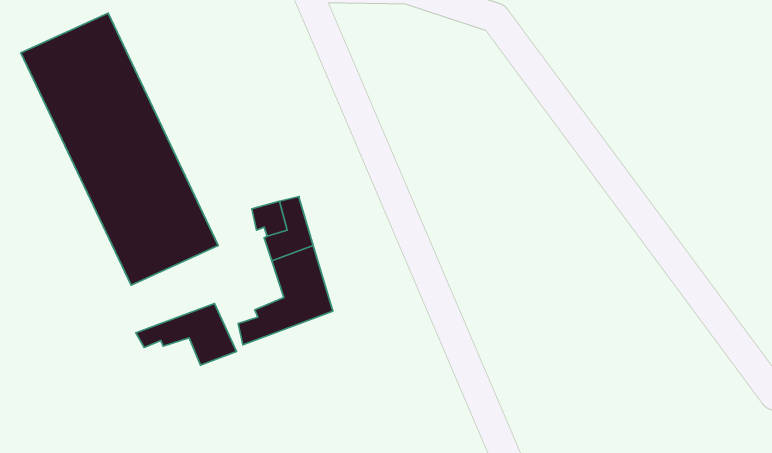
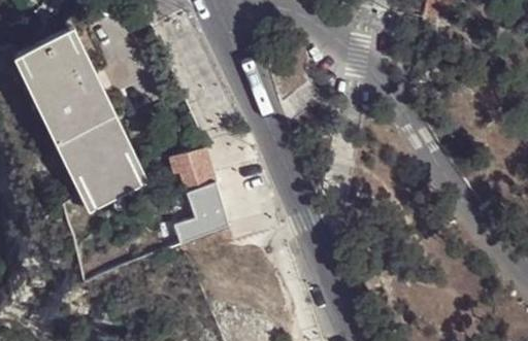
building: [136,304,237,365] -> none

